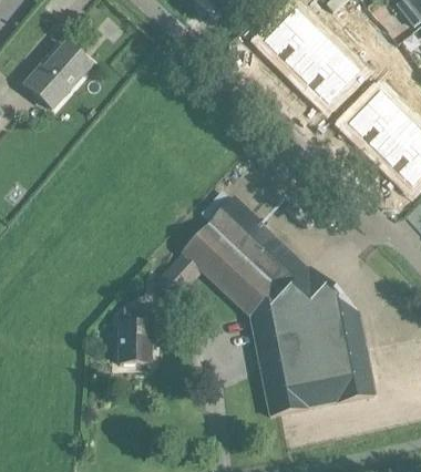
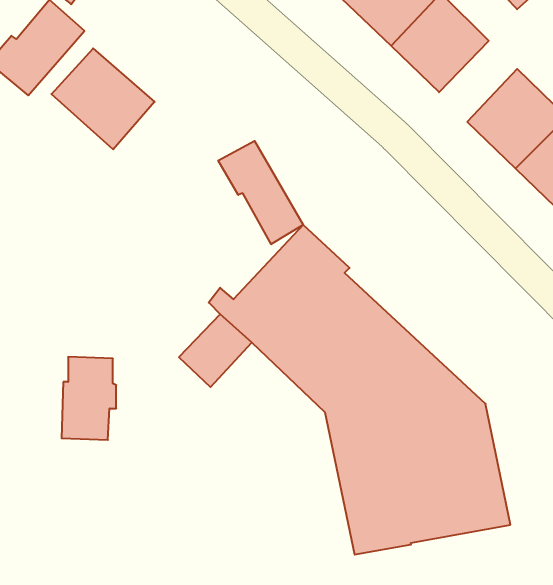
building: none -> [51,48,155,149]
building: none -> [218,141,303,244]
building: [119,307,155,362] -> [62,357,116,440]

